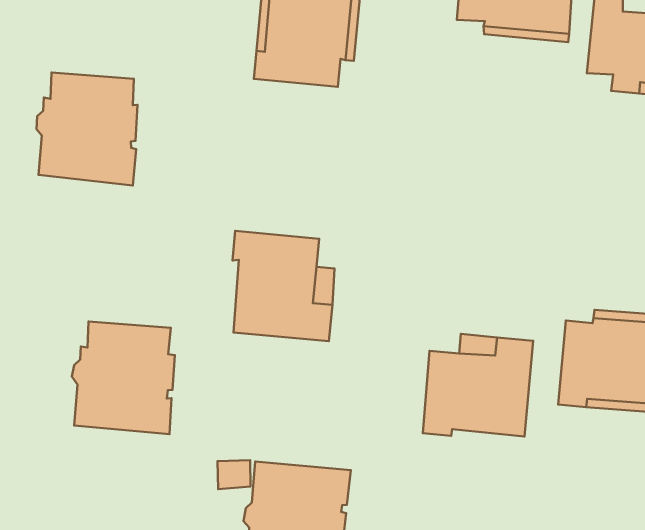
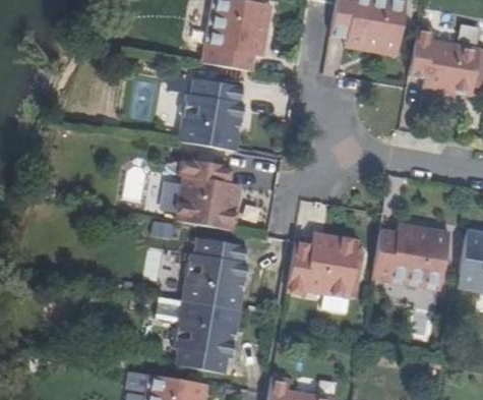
building: [37,72,138,185] -> [179,77,244,152]
building: [72,321,175,434] -> [182,237,248,311]

